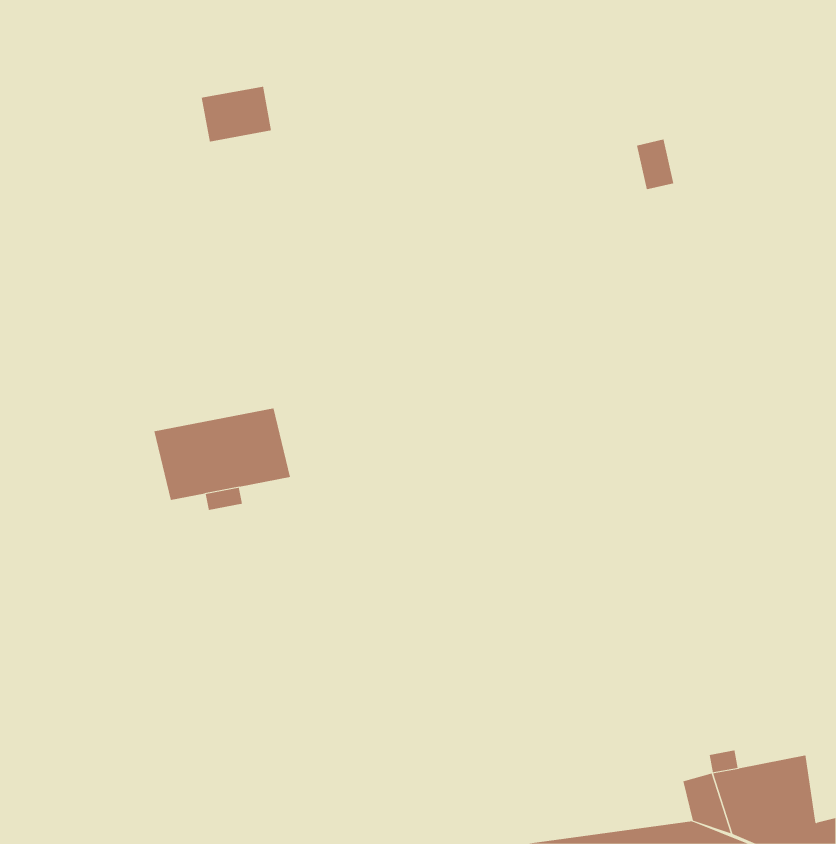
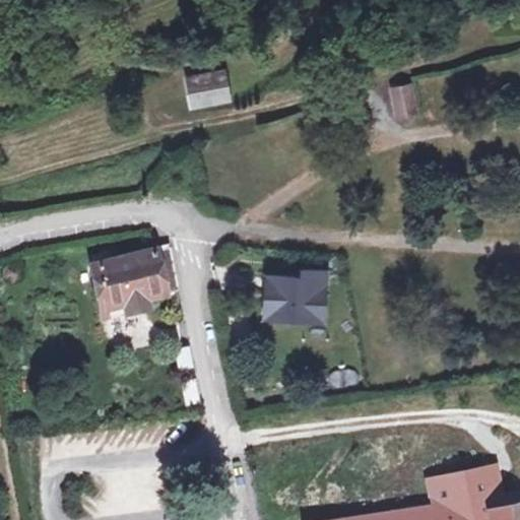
building: [201,86,272,142] -> [185,74,229,109]
building: none -> [265,271,326,320]

